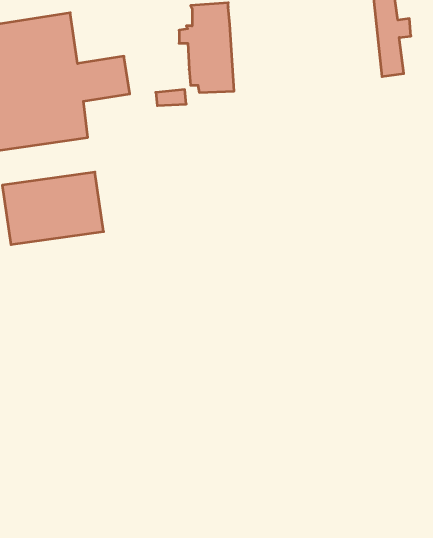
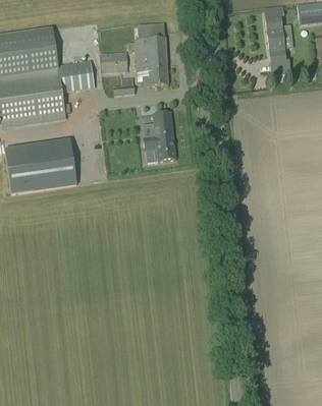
building: none -> [101,50,128,70]
building: none -> [144,110,176,160]

